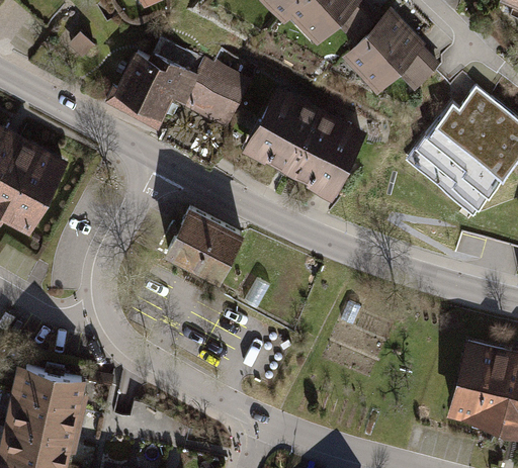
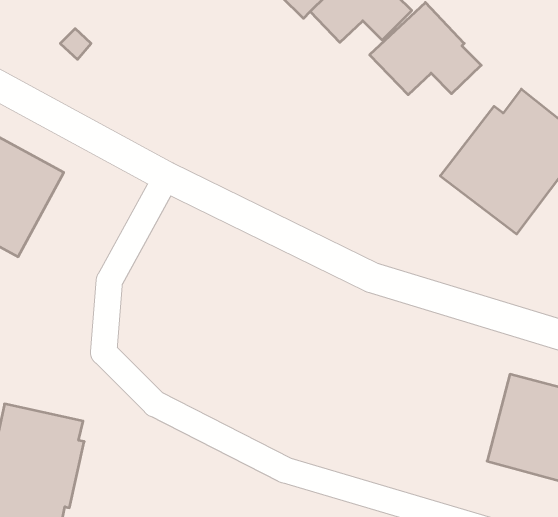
building: [107,39,252,130] -> none
building: [240,85,366,200] -> none
building: [167,204,247,282] -> none

